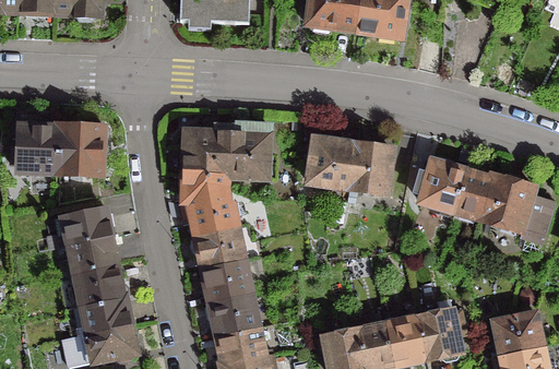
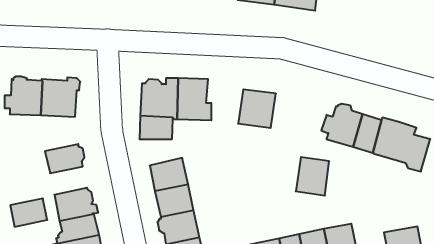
building: [348,144,391,193] -> [296,157,329,196]
building: [179,202,236,236] -> none
building: [68,237,115,273] -> [10,198,47,227]

